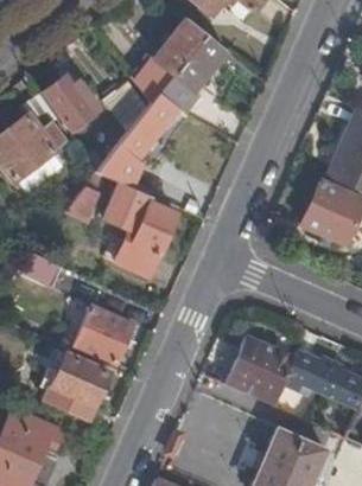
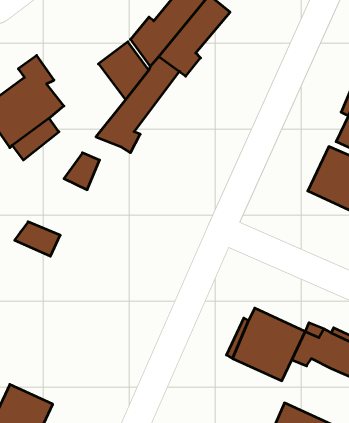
building: [42,76,97,130] -> none
building: [103,181,174,277] -> none
building: [74,307,133,365] -> none
building: [44,356,109,422] -> none

